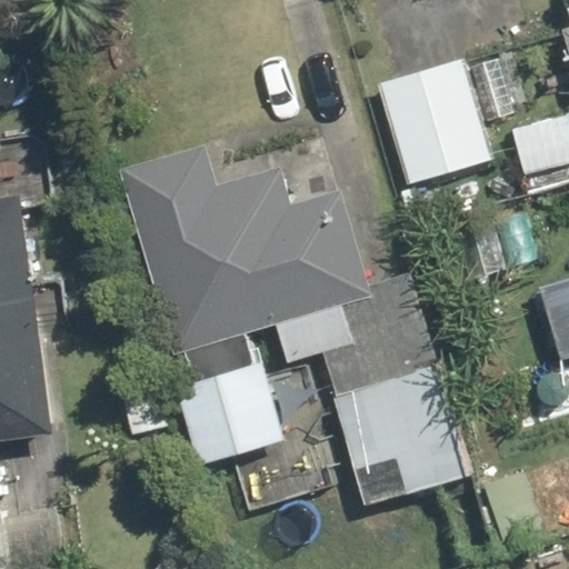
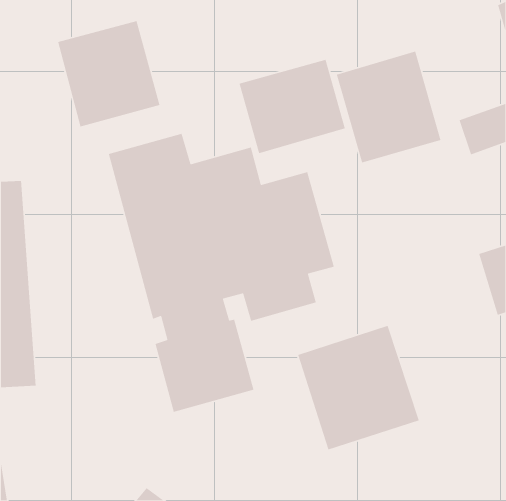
building: none -> [57,20,160,128]
building: none -> [238,59,346,154]

